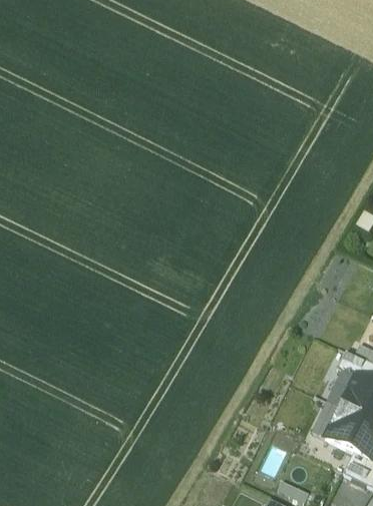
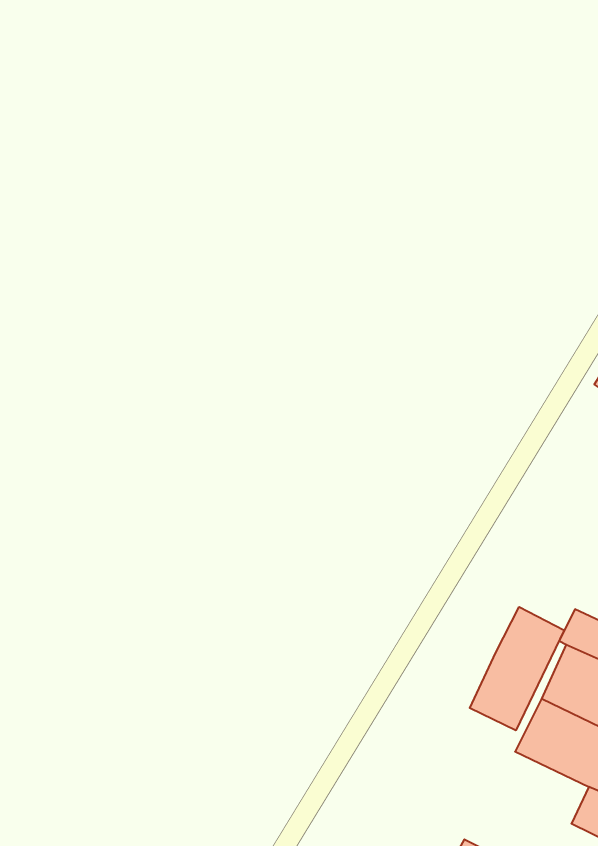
building: none -> [470,607,564,730]

